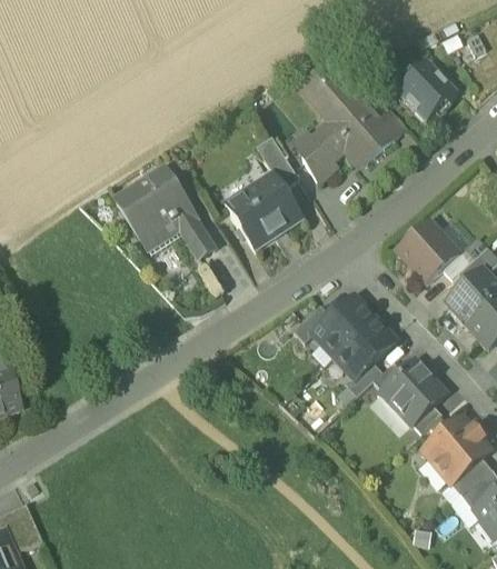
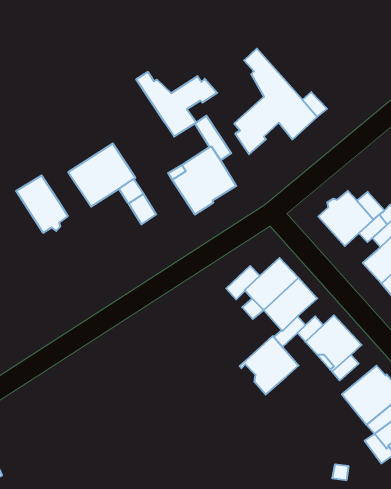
building: [398,60,457,121] -> none
building: none -> [136,72,217,137]
building: none -> [16,175,68,233]
building: [141,218,182,253] -> none
building: none -> [240,336,299,395]

